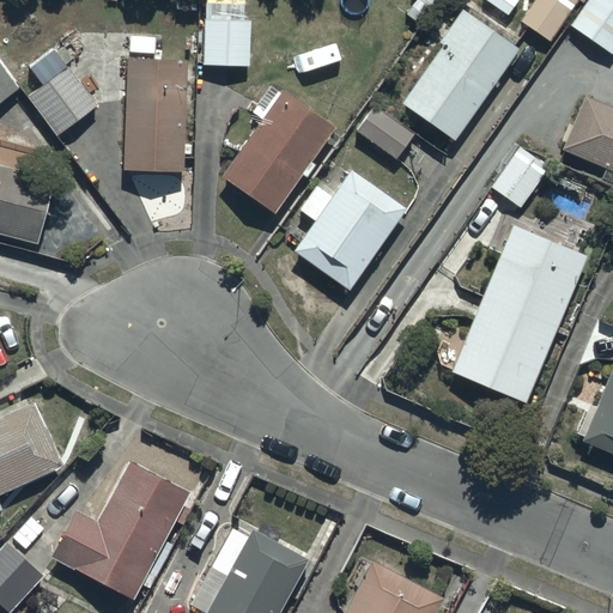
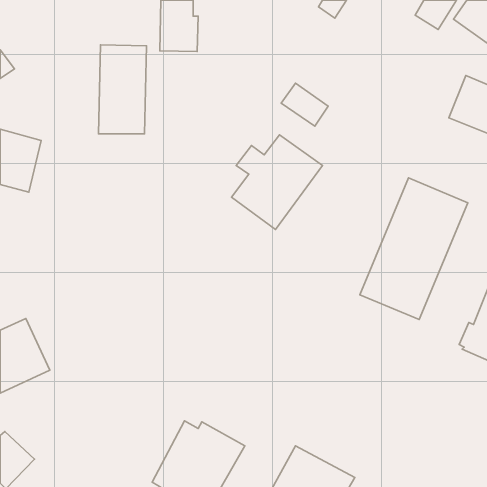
building: [402,12,520,141] -> none
building: [28,49,98,136] -> none
building: [224,84,335,212] -> none
building: [490,146,550,210] -> none
building: [51,461,189,600] -> none

